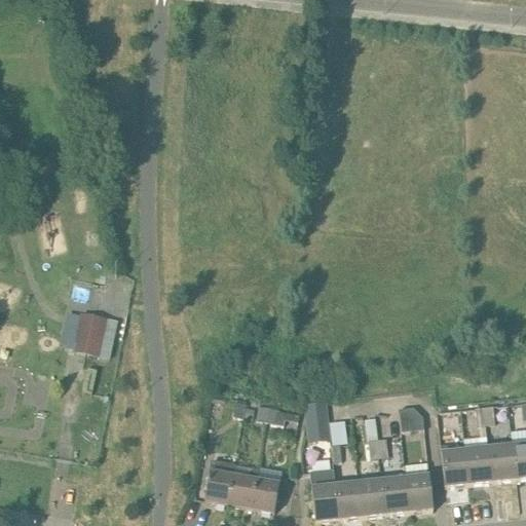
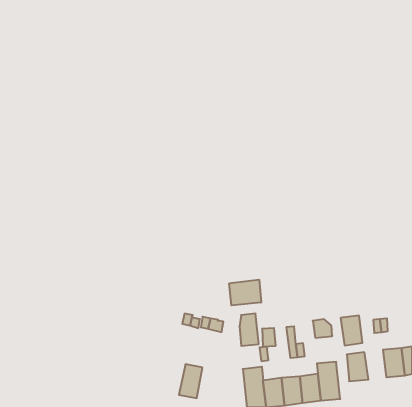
building: [75,313,105,353] -> none
building: none -> [229,280,261,305]
building: [464,446,492,484] -> [341,316,362,345]
building: [204,451,236,503] -> none
building: [251,464,281,512] -> none

